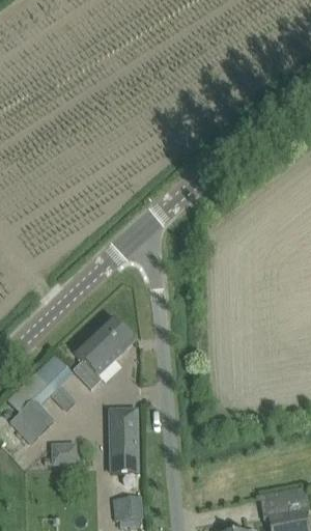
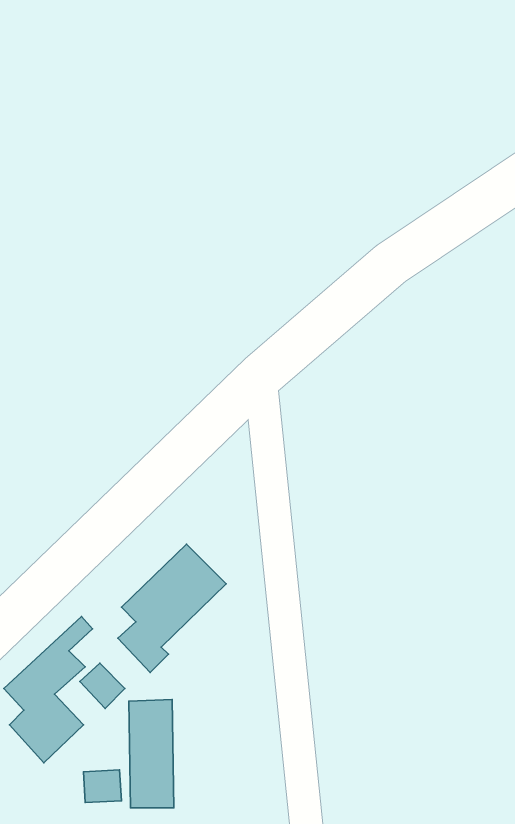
building: [111,409,137,471] -> [129,700,174,808]

